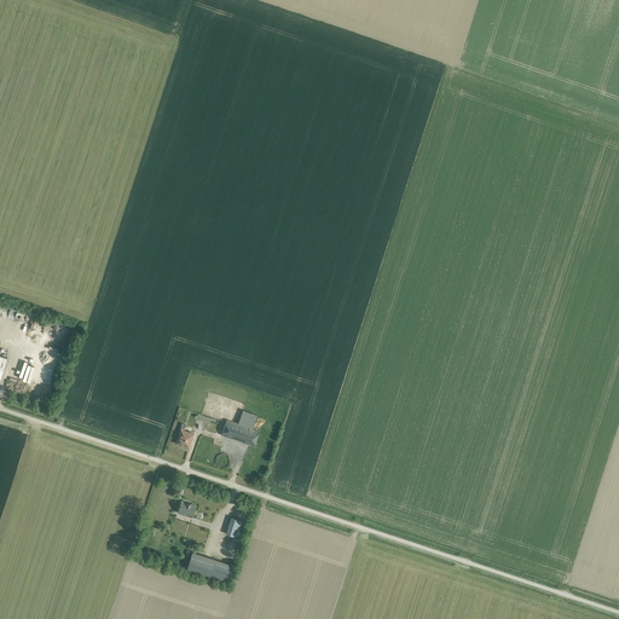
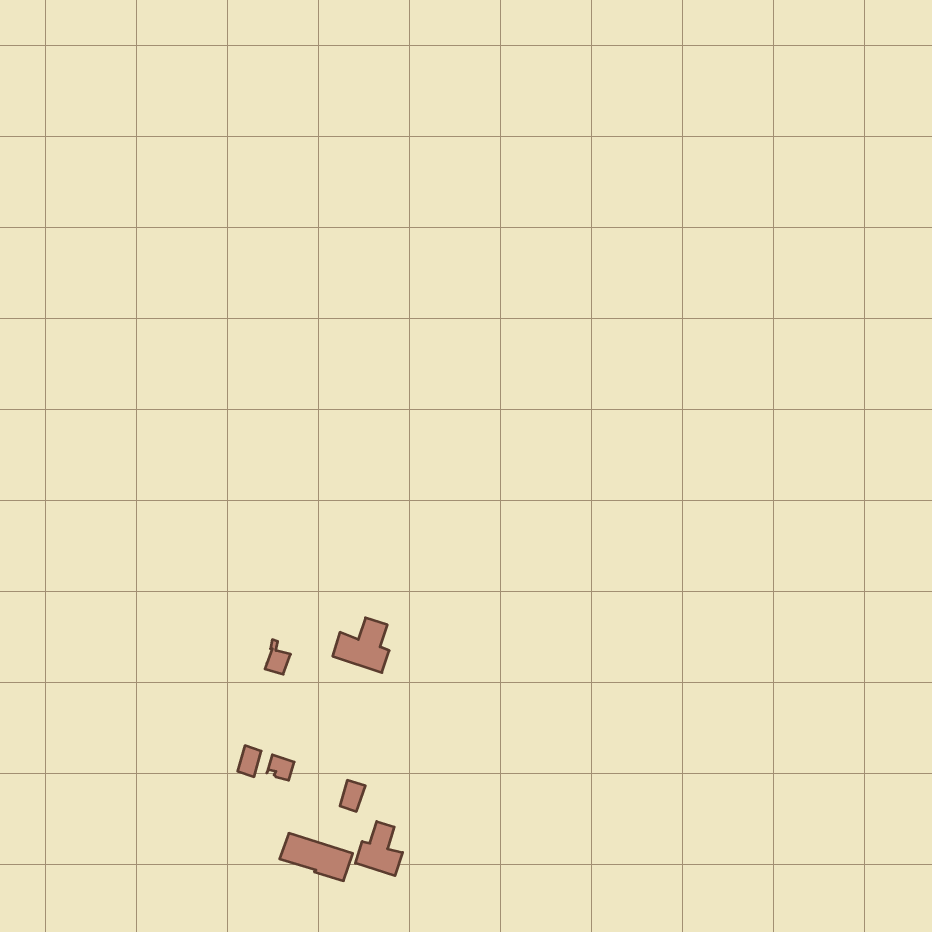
building: none -> [355,821,403,876]

